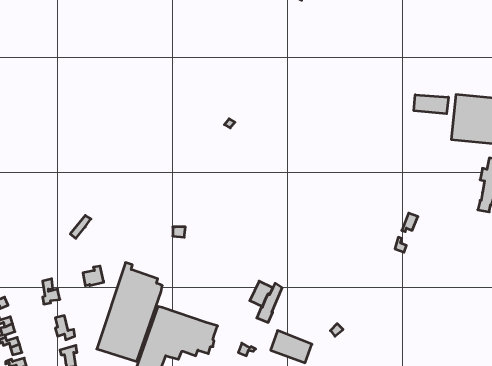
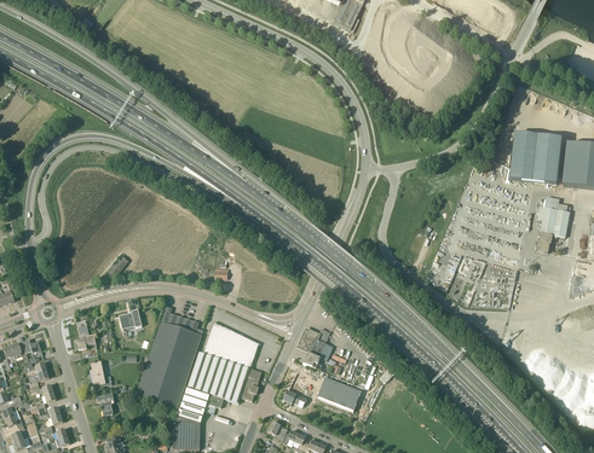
building: [414,95,448,114] -> none
building: none -> [203,321,258,368]

